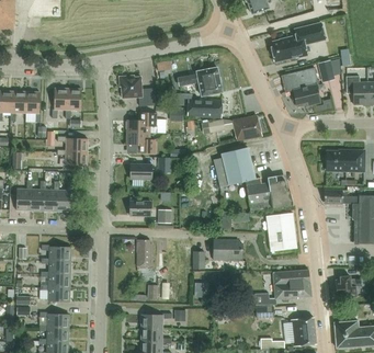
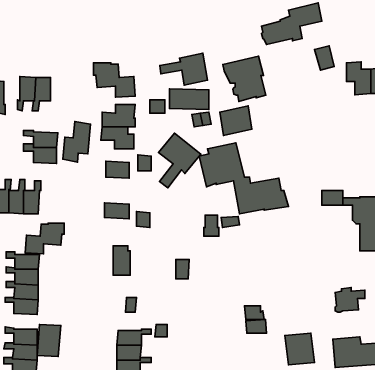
building: [282,66,320,106] -> [223,56,266,101]
building: none -> [63,121,90,162]
building: none -> [159,133,201,188]
building: [325,149,364,170] -> none
building: [267,212,297,251] -> none
building: none -> [25,223,64,254]
building: [214,239,241,260] -> none
building: [273,270,311,298] -> none
building: none -> [37,325,61,357]

